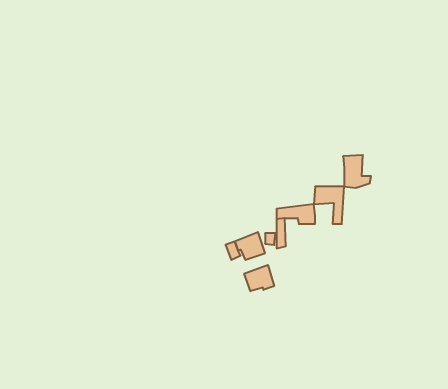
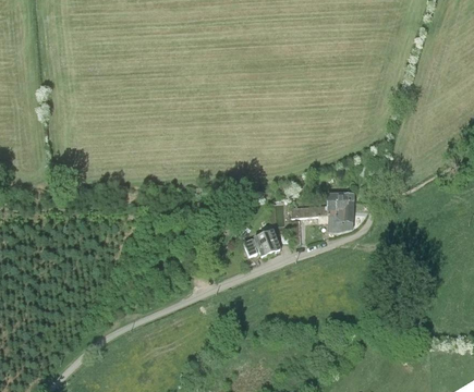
building: [343,155,371,188] -> [327,201,353,232]
building: [244,265,274,291] -> none

